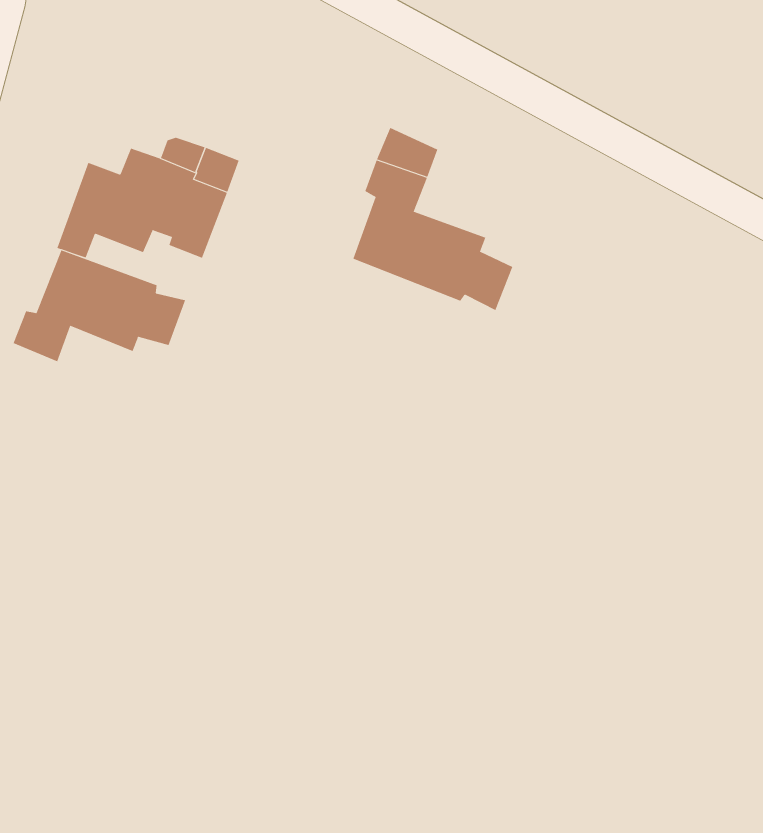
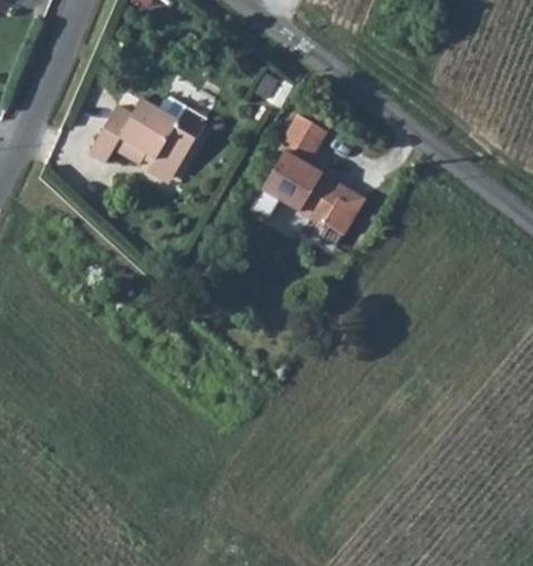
building: [13,250,186,362] -> none

